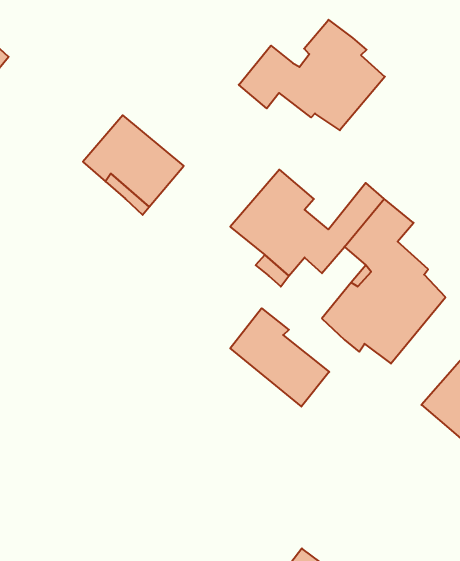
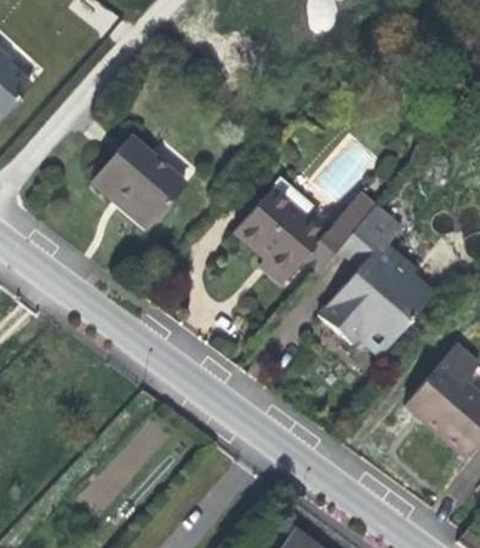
building: [239,20,385,130] -> none
building: [230,308,329,407] -> none

